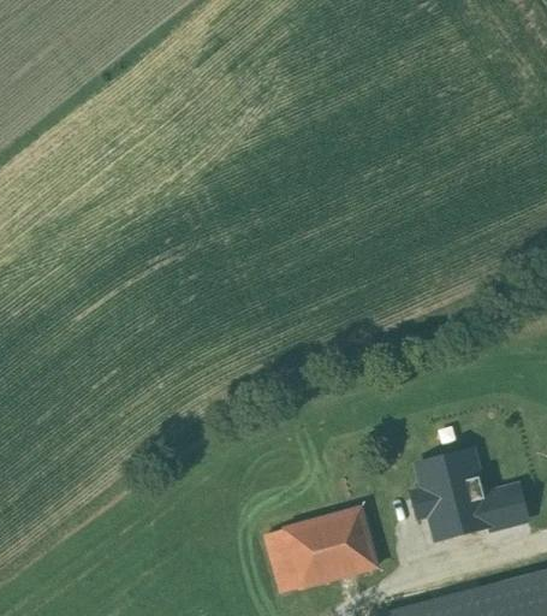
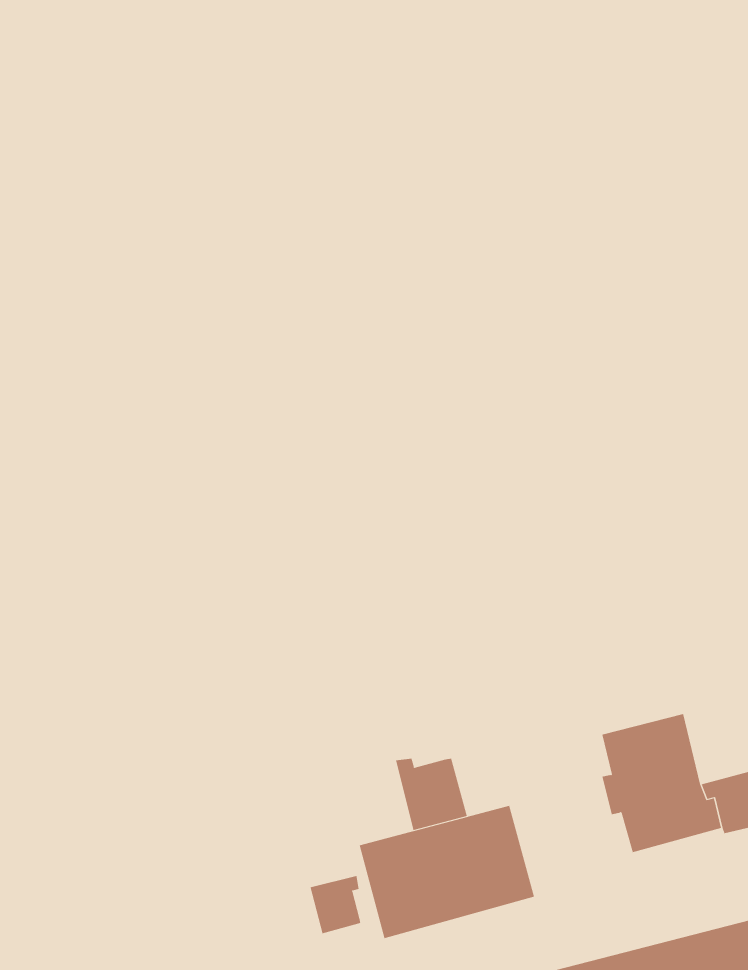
building: none -> [395,758,467,831]
building: none -> [310,875,361,934]

